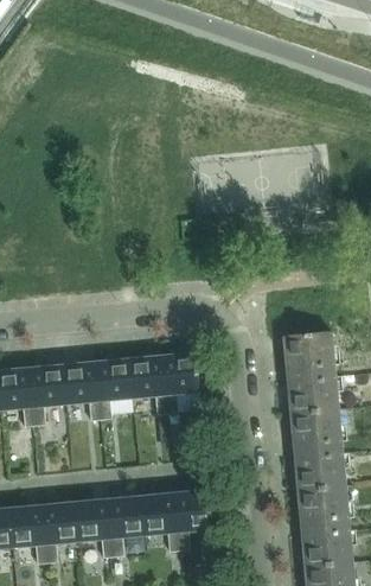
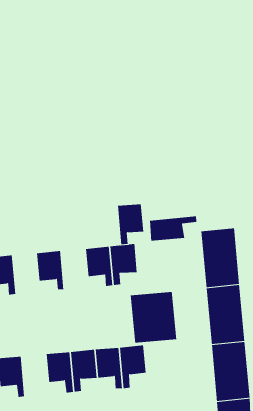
building: none -> [149,216,197,242]
building: [96,361,133,416] -> [117,204,144,245]
building: [31,367,66,422] -> none
building: none -> [130,291,177,343]
building: [43,503,79,561] -> none

